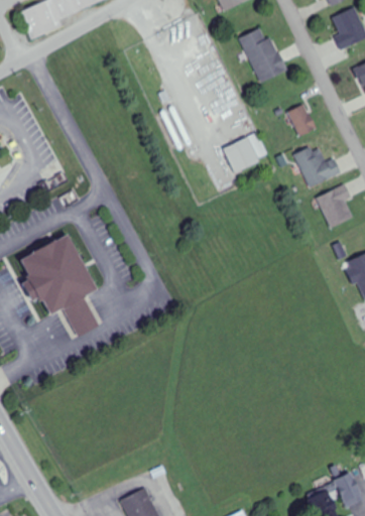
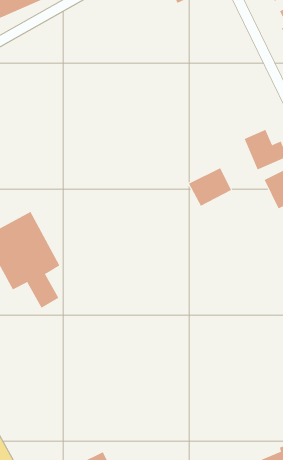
building: [239,26,285,83] -> none
building: [286,103,317,136] -> none
building: [222,130,268,171] -> [188,167,232,206]

